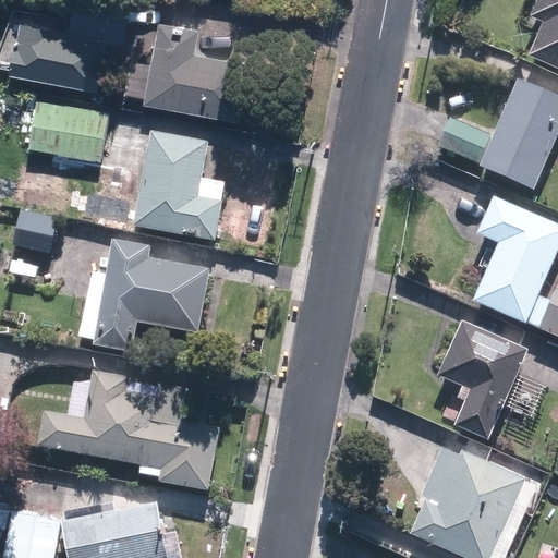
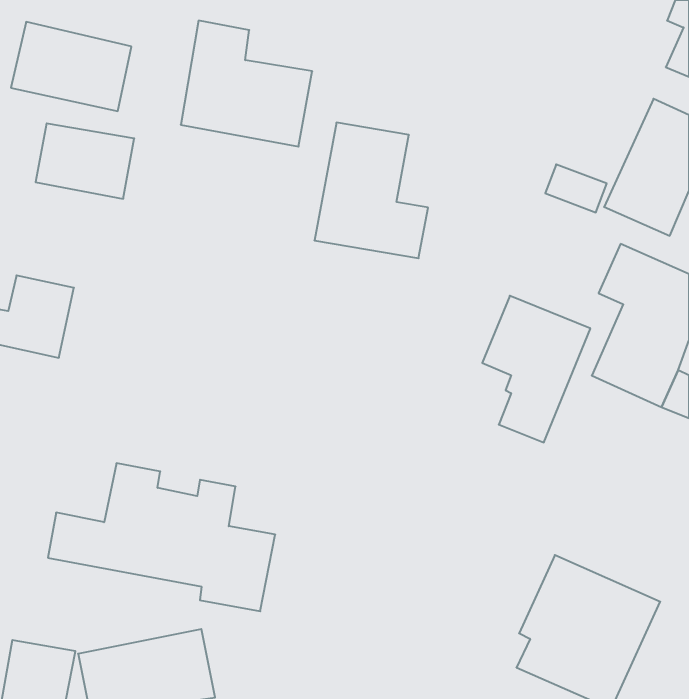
building: [133,132,223,240] -> [314,123,428,258]
building: [94,238,210,351] -> none
building: [439,323,525,439] -> [482,296,590,442]

